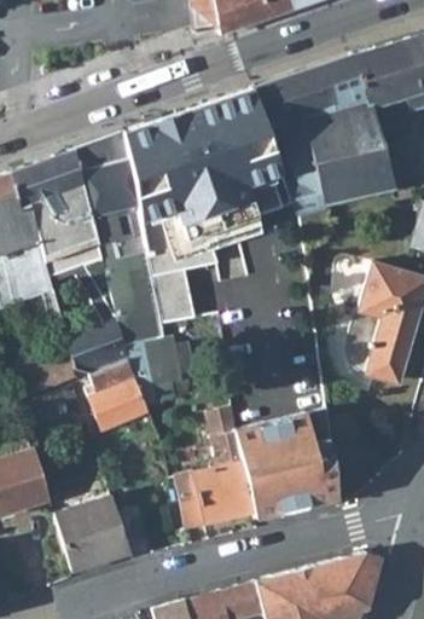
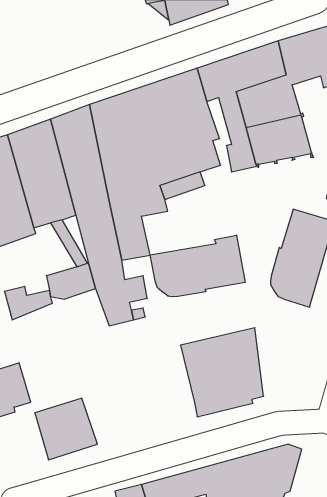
building: none -> [150,235,245,297]
building: [86,359,147,430] -> none
building: [175,405,252,526] -> none

